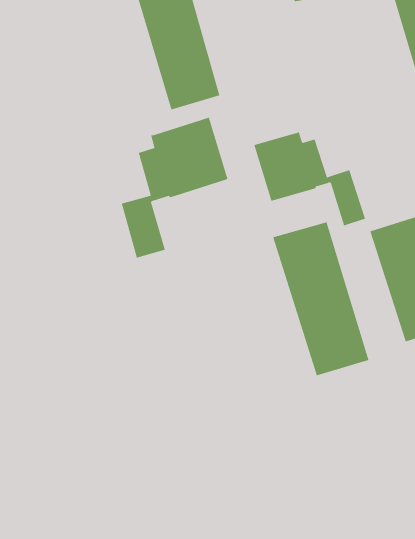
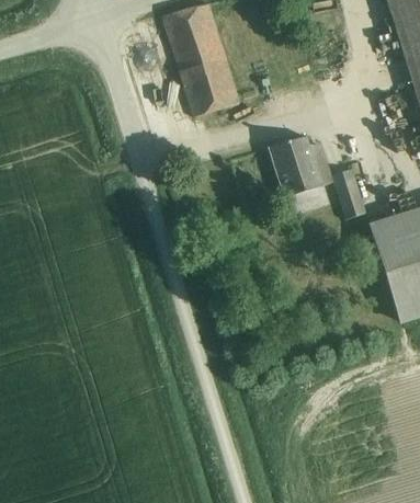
building: [121,117,228,258] -> none
building: [272,222,369,376] -> none

